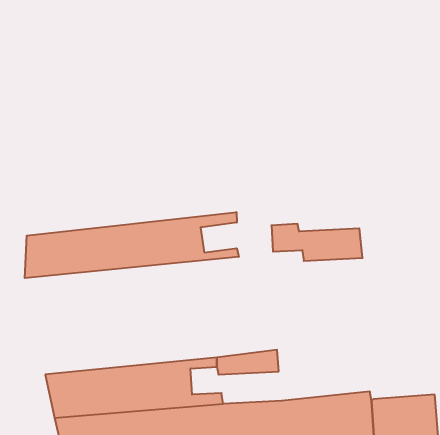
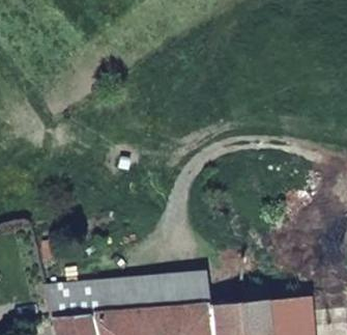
building: [25,212,239,278] -> none
building: [271,224,363,261] -> [147,281,208,306]

